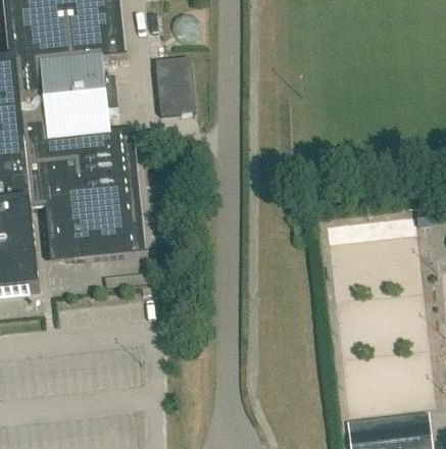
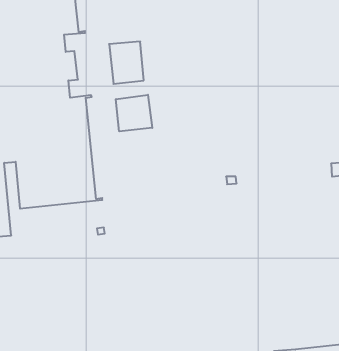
building: none -> [116,95,152,131]

